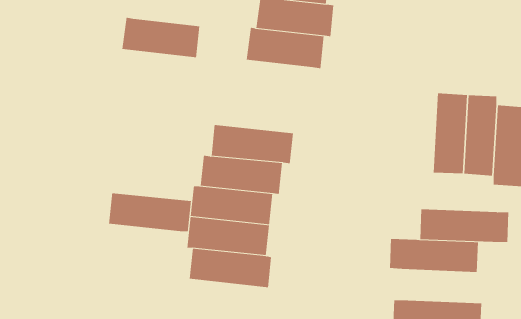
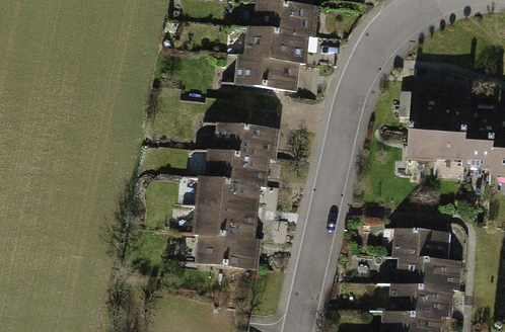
building: [121,17,200,58] -> [226,58,299,95]
building: [108,193,192,232] -> none
building: [420,209,509,243] -> [380,252,463,283]

